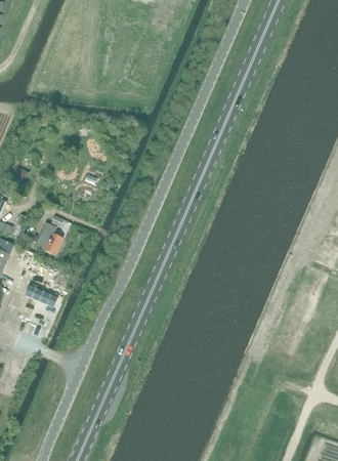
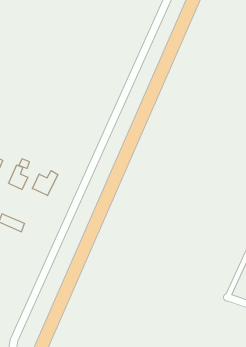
building: none -> [32,171,58,196]

